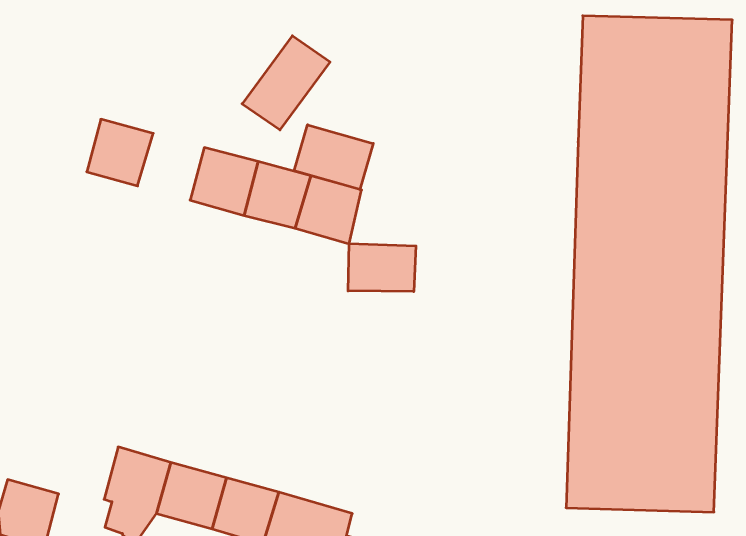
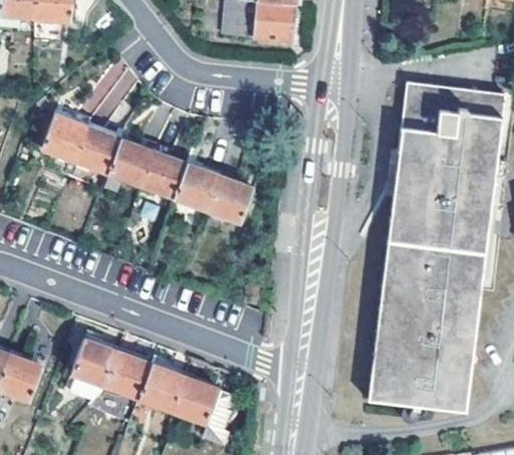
building: [242,36,330,130] -> [82,60,142,121]
building: none -> [45,115,89,160]
building: [294,125,373,190] -> none
building: none -> [109,139,155,184]
building: [348,244,416,292] -> none

